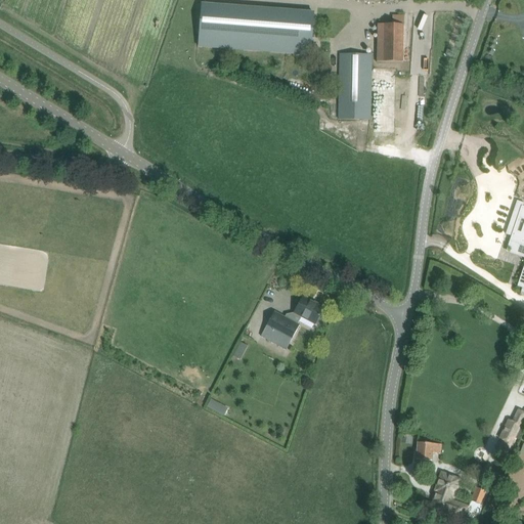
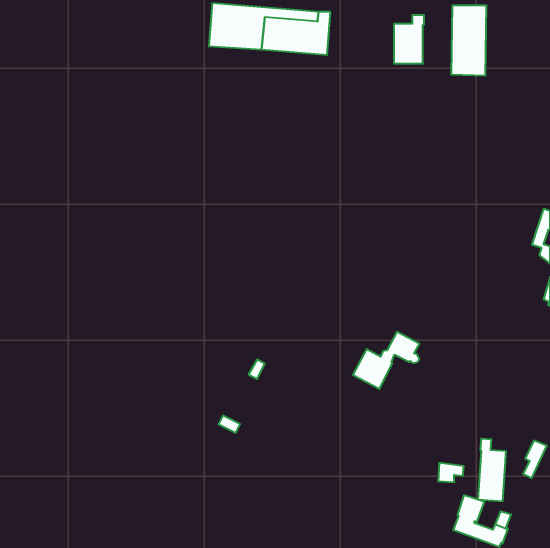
building: [338,52,372,119] -> [451,6,487,76]
building: [261,294,324,348] -> [353,332,419,389]
building: none -> [478,438,506,501]

